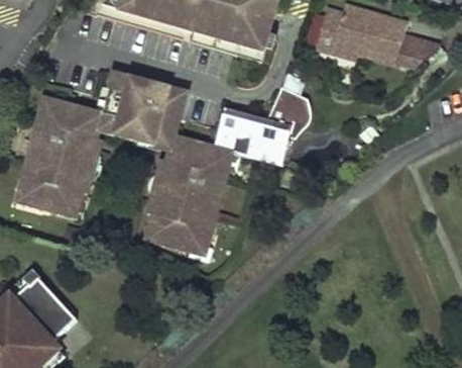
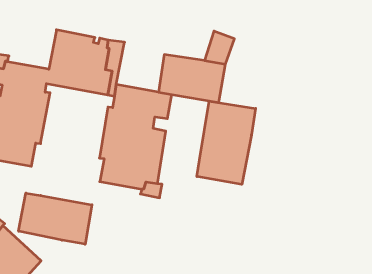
building: none -> [197,101,256,184]
building: none -> [19,193,92,244]

